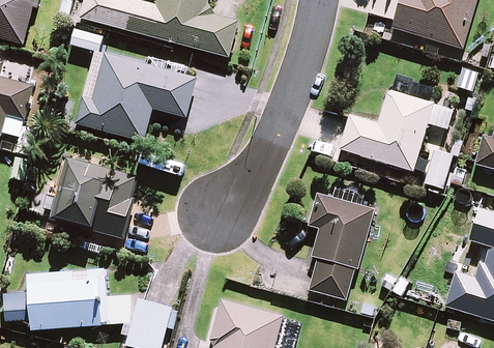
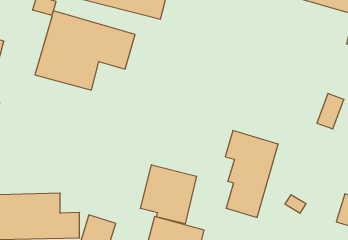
building: [339,90,452,171] -> none
building: [53,158,139,237] -> none
building: none -> [140,165,197,224]

